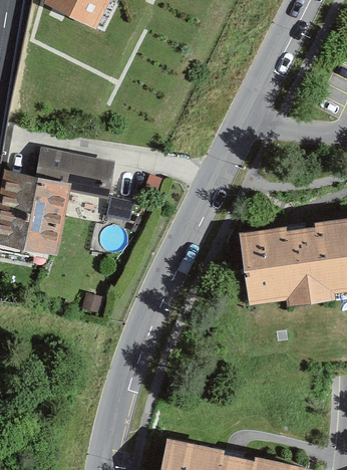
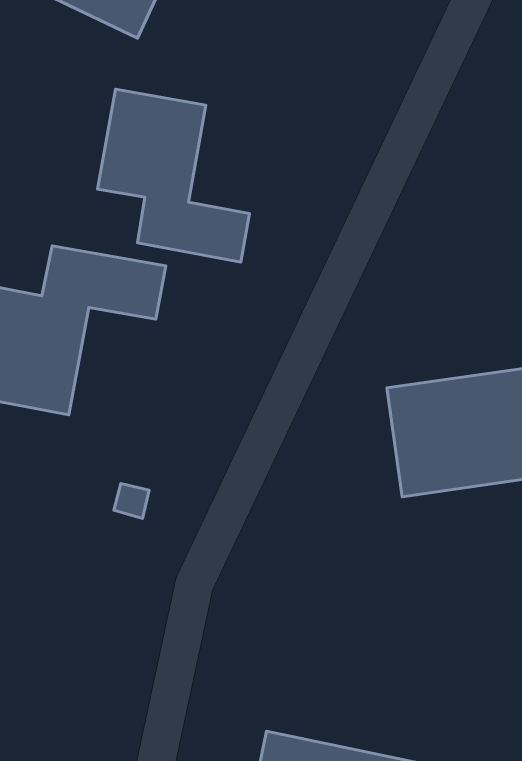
building: none -> [98,89,249,262]

